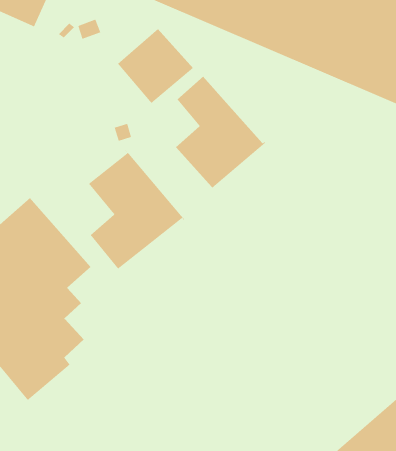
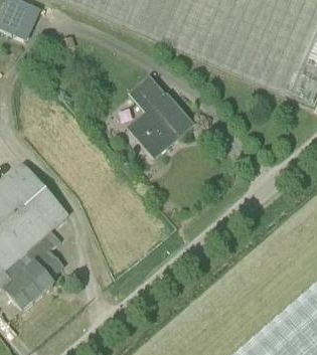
building: [117,28,194,104] -> none
building: [88,149,185,269] -> none

